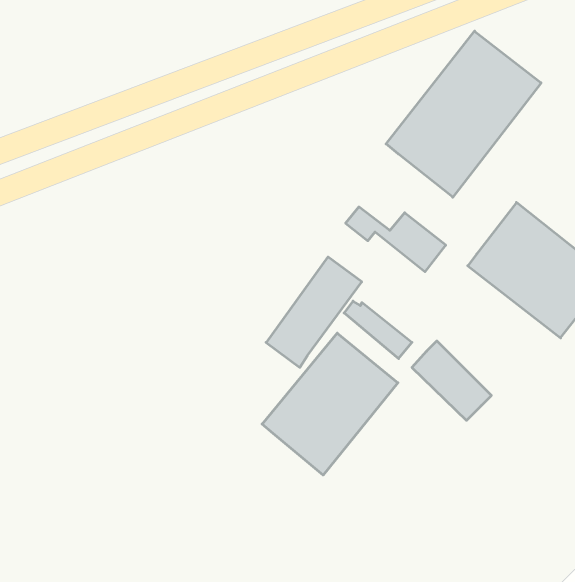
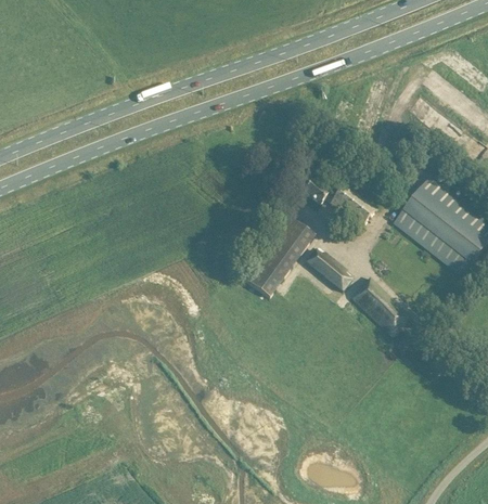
building: [386,31,541,197] -> none
building: [262,333,398,475] -> none

